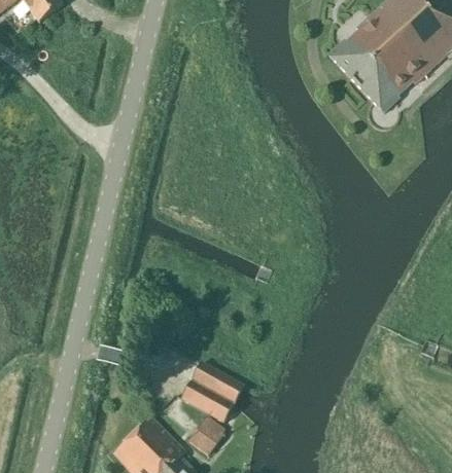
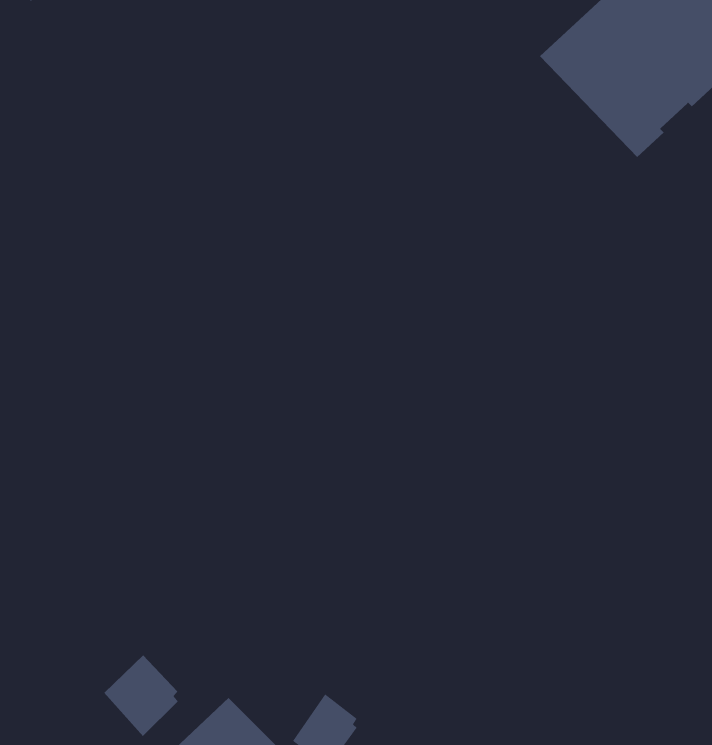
building: [183,363,244,422] -> none
building: none -> [103,654,179,737]

